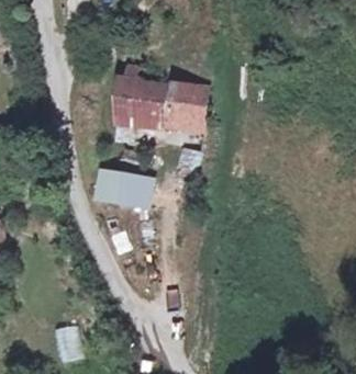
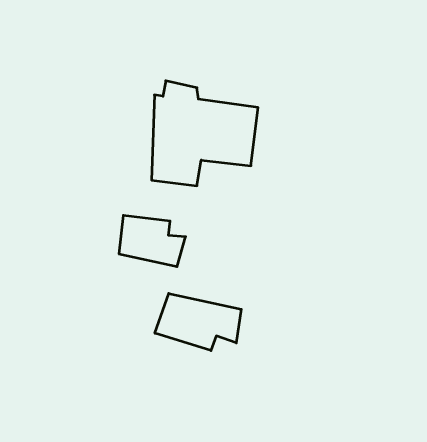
building: none -> [155,293,241,351]

